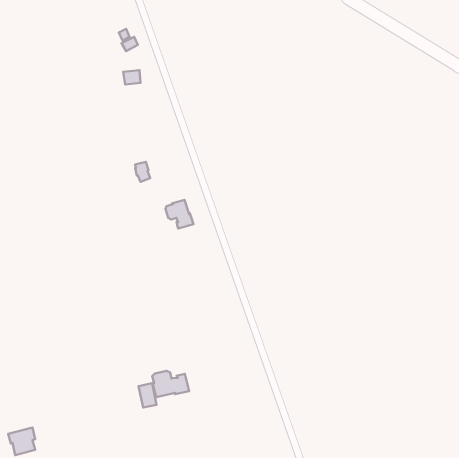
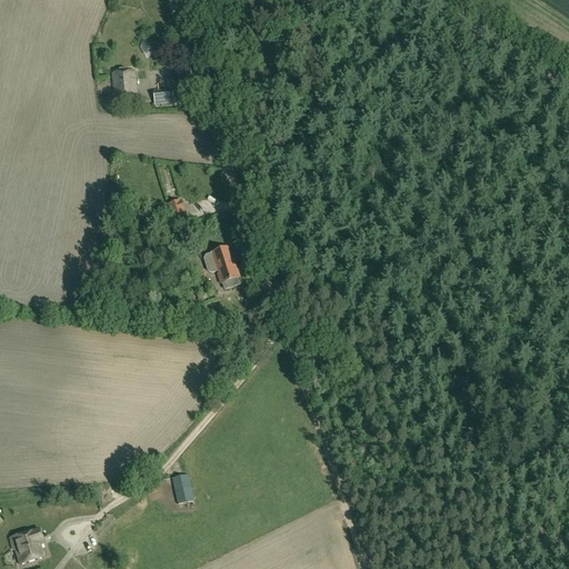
building: none -> [112,67,134,97]
building: [152,371,189,397] -> none

